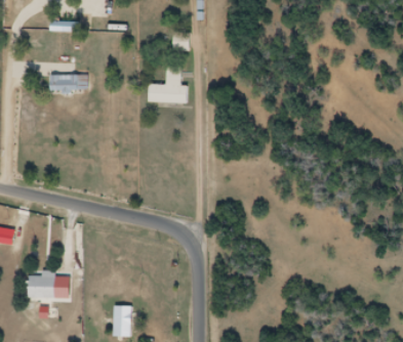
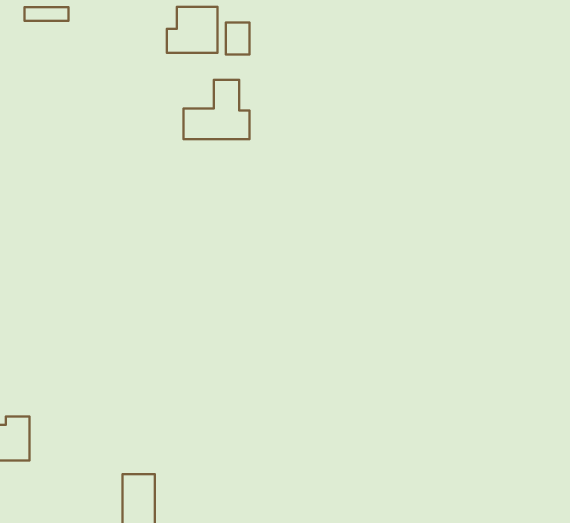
building: none -> [167,7,217,53]
building: [50,75,87,91] -> none

